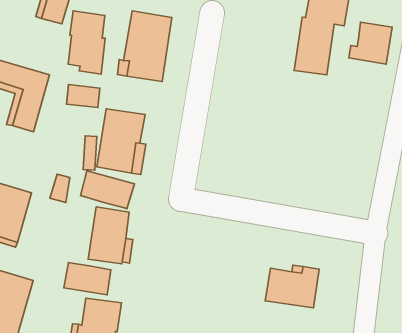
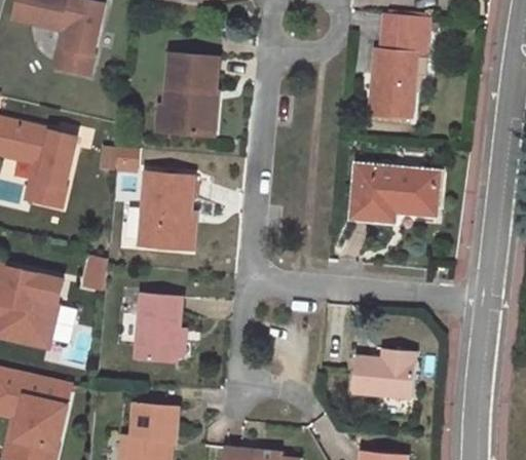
building: [68,11,105,74] -> none
building: [349,22,392,64] -> none
building: none -> [349,165,438,226]
building: [80,171,134,209] -> none
building: [64,263,111,295] -> none

